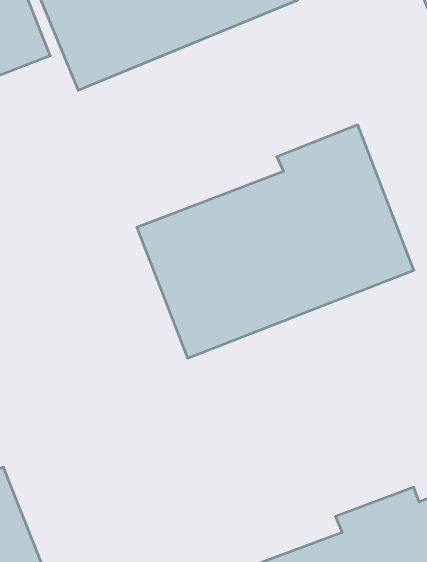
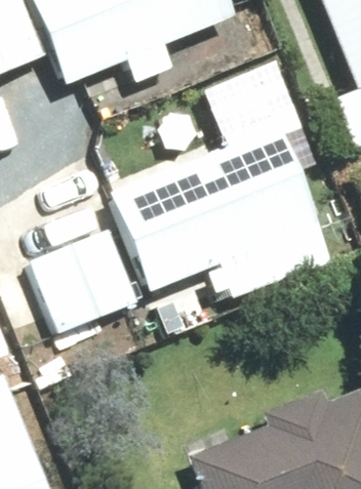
building: none -> [24,234,132,333]

